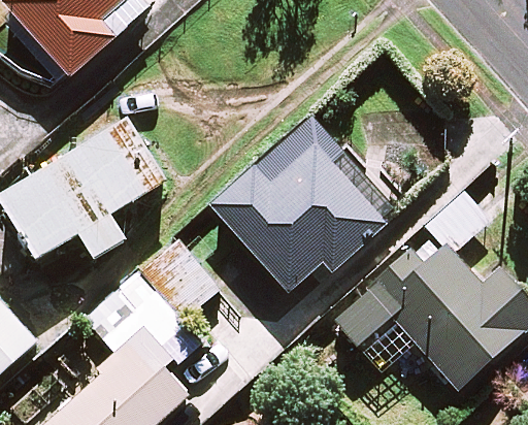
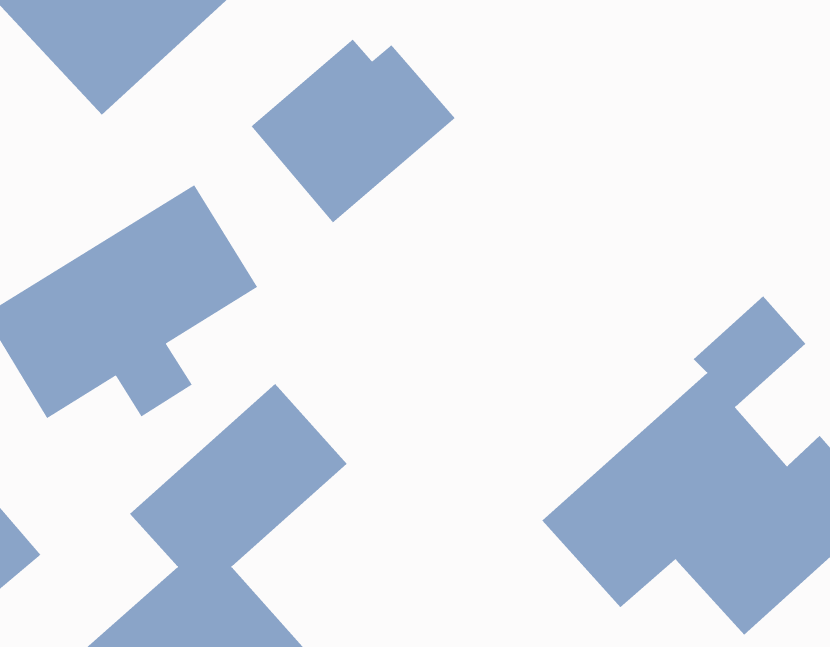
building: none -> [251,39,456,223]
building: [210,118,383,292] -> none

